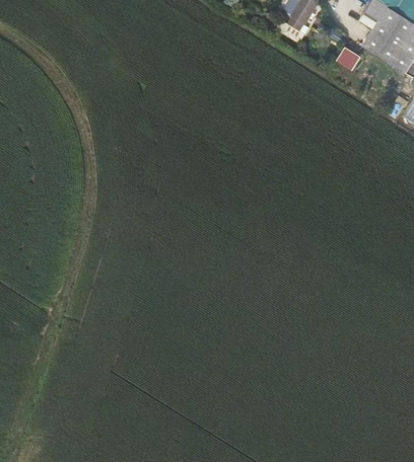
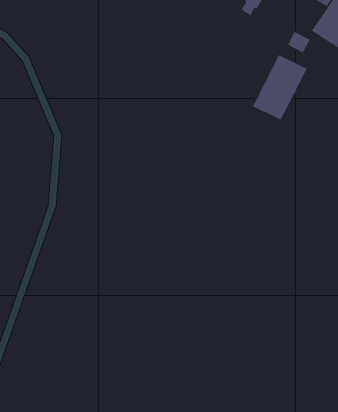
building: none -> [252,54,308,121]

